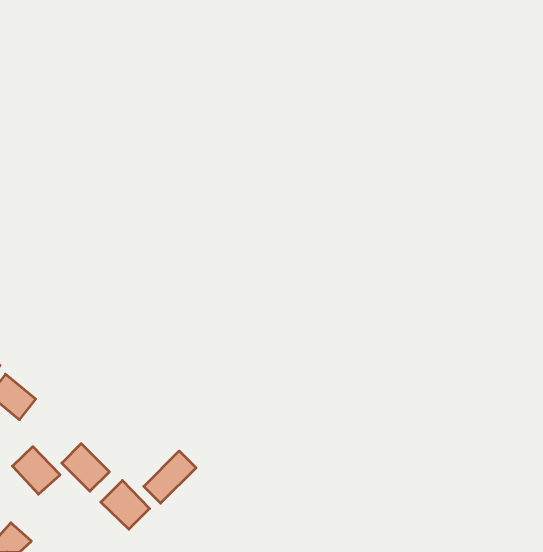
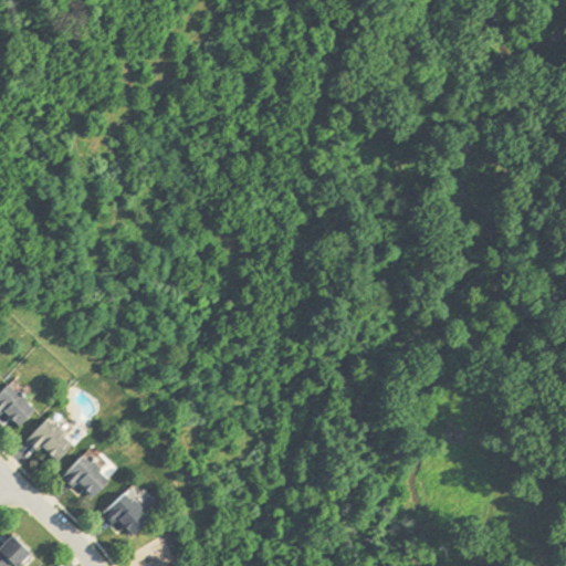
building: [12,447,60,494] -> [28,417,76,465]
building: [144,451,196,503] -> none

